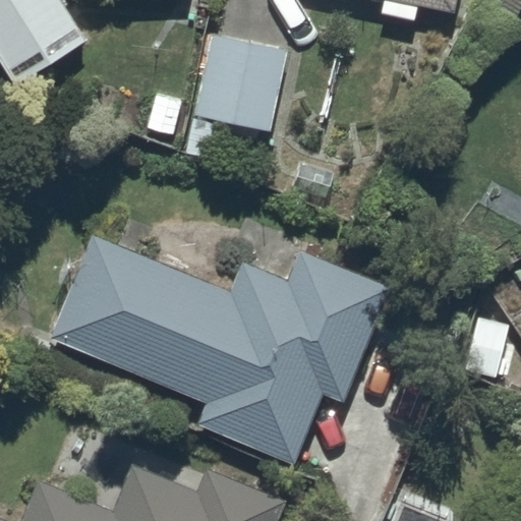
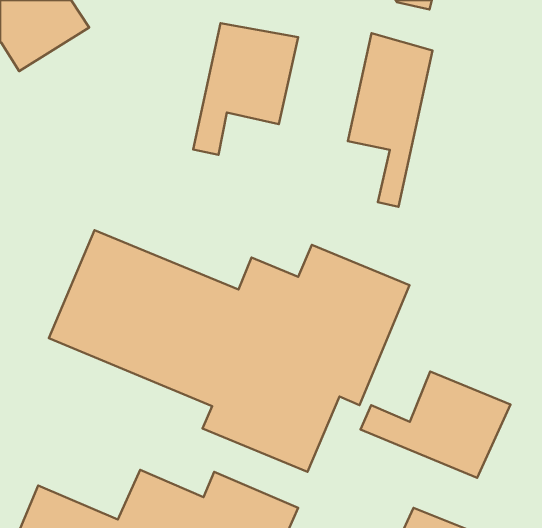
building: none -> [348,33,433,207]
building: none -> [361,371,511,478]

